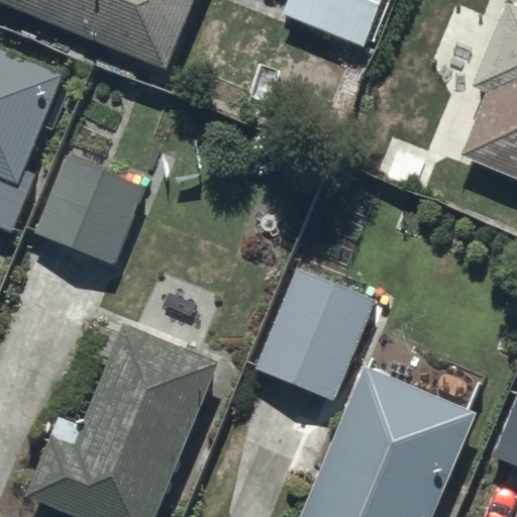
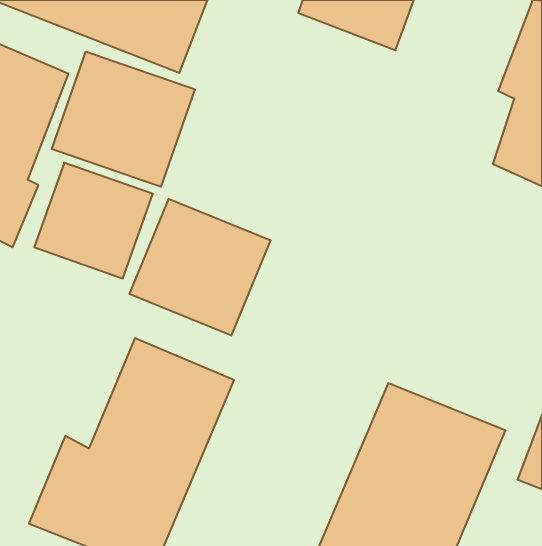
building: none -> [52,52,195,187]
building: none -> [129,199,271,336]
building: [254,267,372,397] -> none

